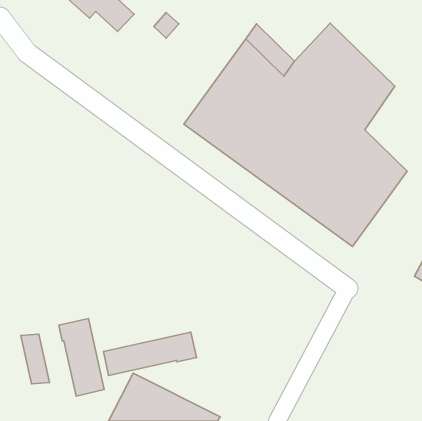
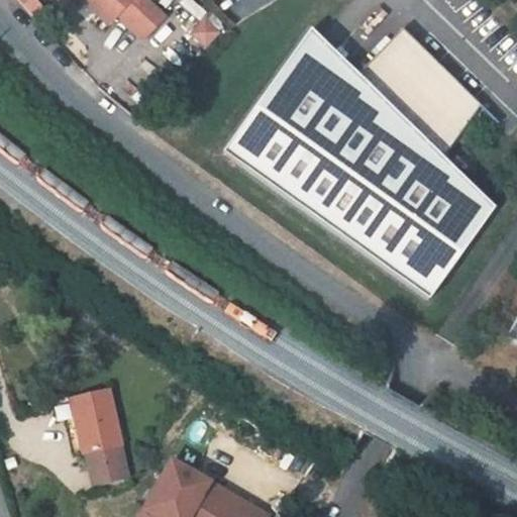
building: [104,332,196,375] -> none
building: [21,334,50,384] -> none

